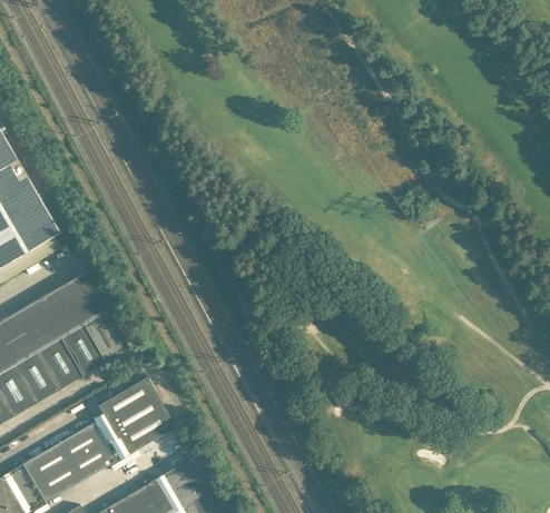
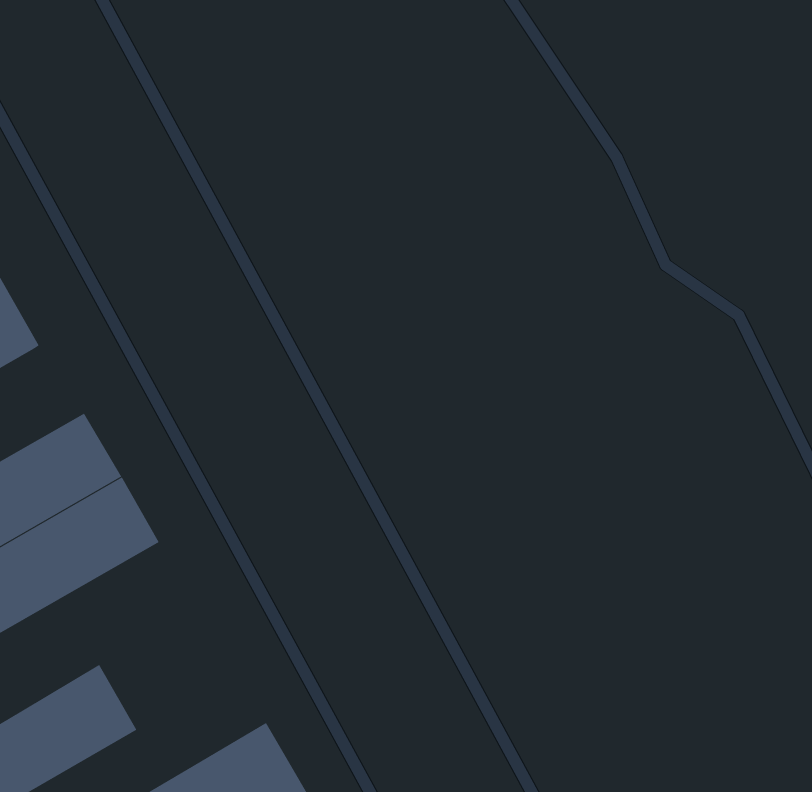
building: [90,379,173,463] -> none

